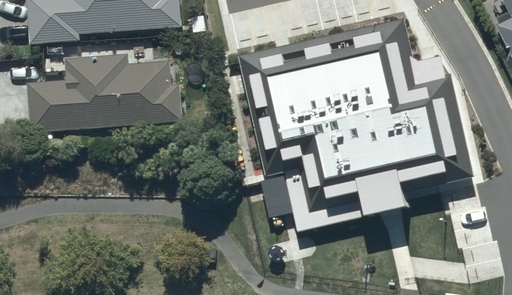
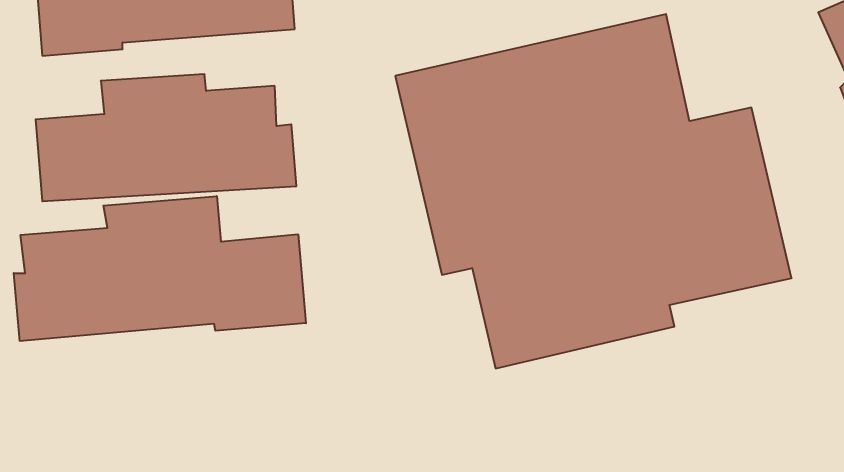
building: none -> [14,196,306,341]

